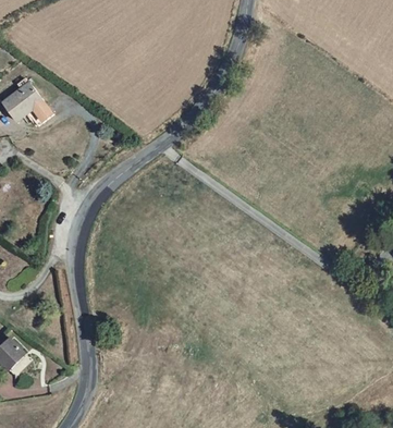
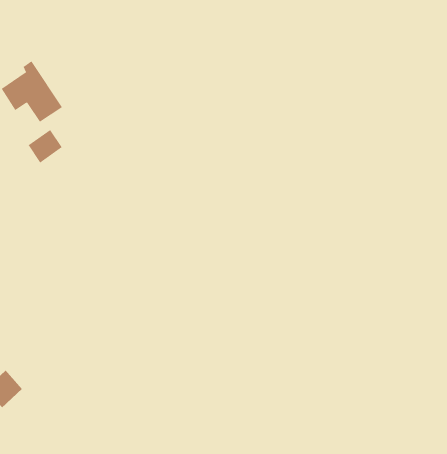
building: none -> [28,129,63,163]

